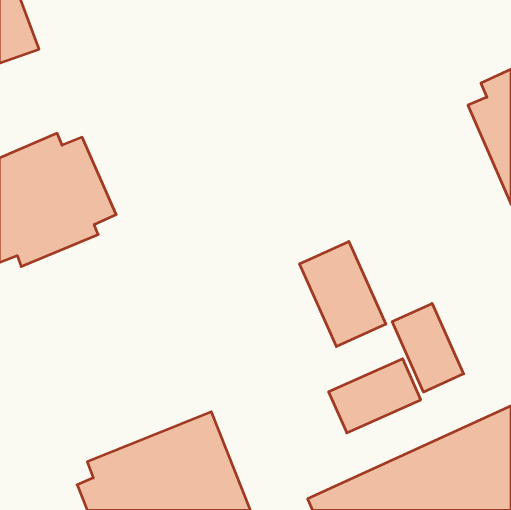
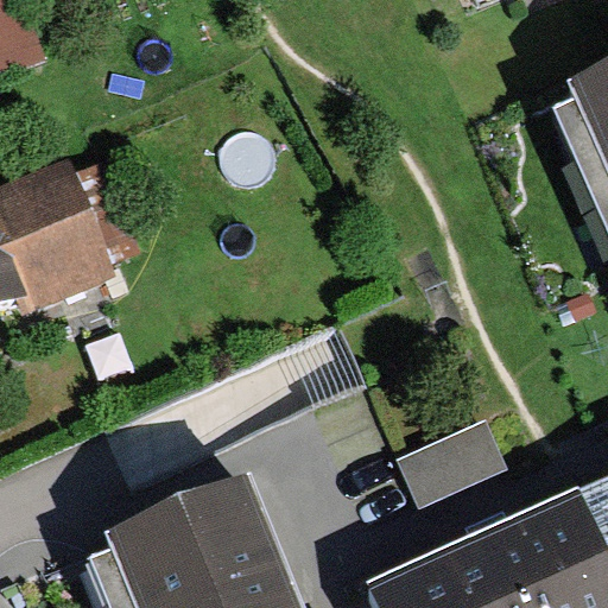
building: [300,241,386,347] -> none
building: [392,303,464,392] -> none

